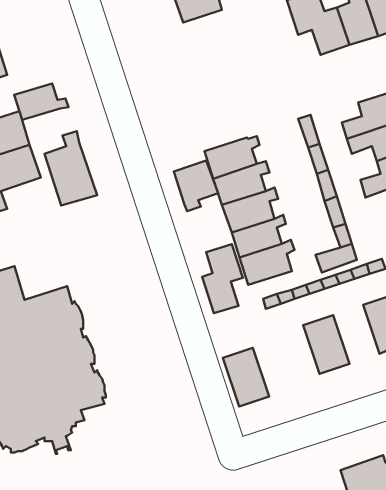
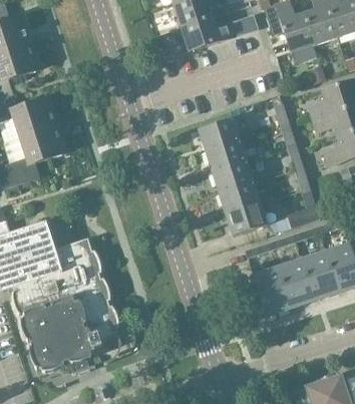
building: none -> [181,13,257,50]
building: [14,84,69,120] -> none
building: [44,131,97,206] -> none
building: [174,161,218,211] -> none
building: [202,244,243,313] -> none
building: none -> [301,253,338,300]
building: [223,348,269,407] -> [253,269,290,316]

